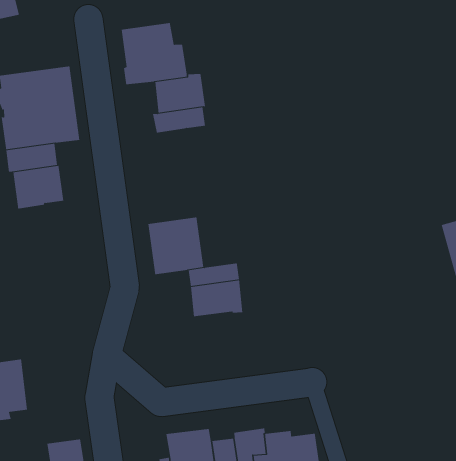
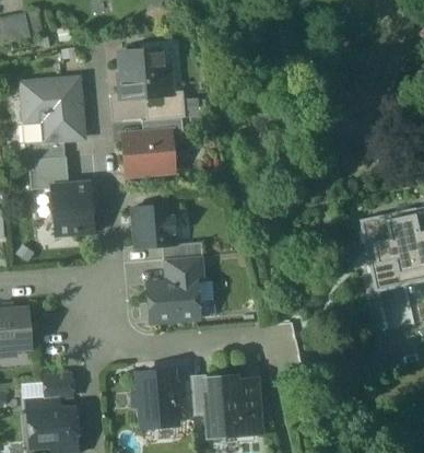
building: none -> [126,133,169,172]
building: none -> [52,183,92,234]
building: none -> [148,280,198,321]

